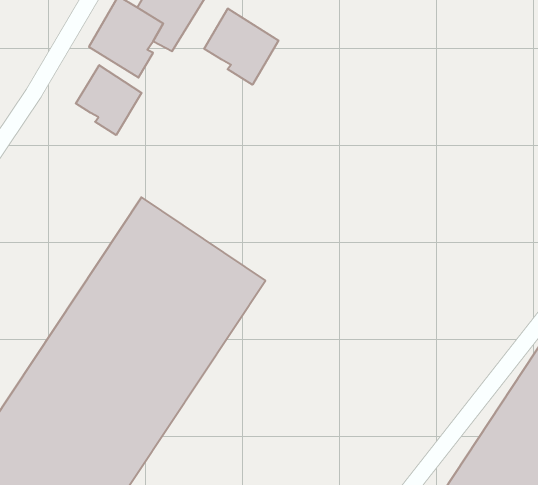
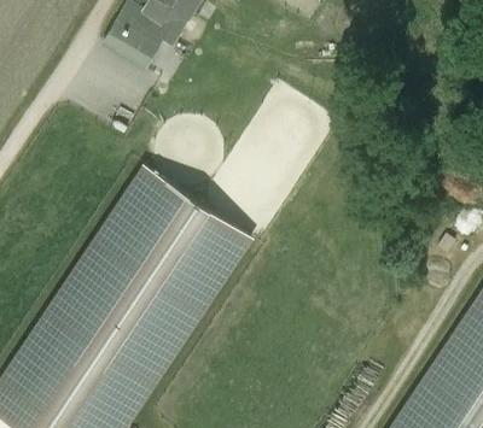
building: [204,8,278,85] -> none
building: [76,65,142,135] -> none

